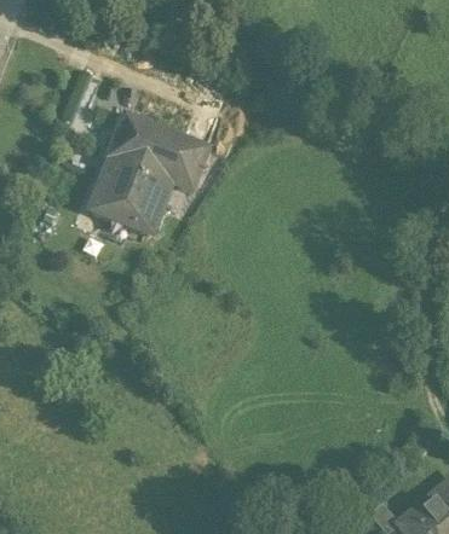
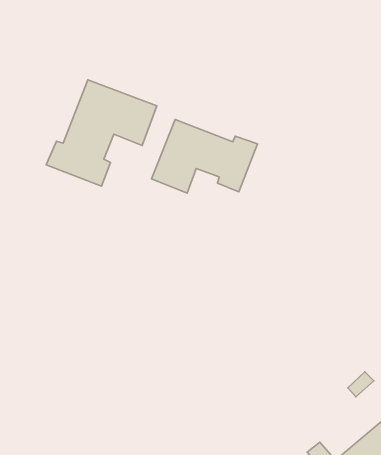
building: none -> [152,120,257,193]

